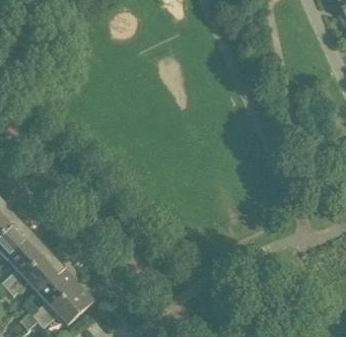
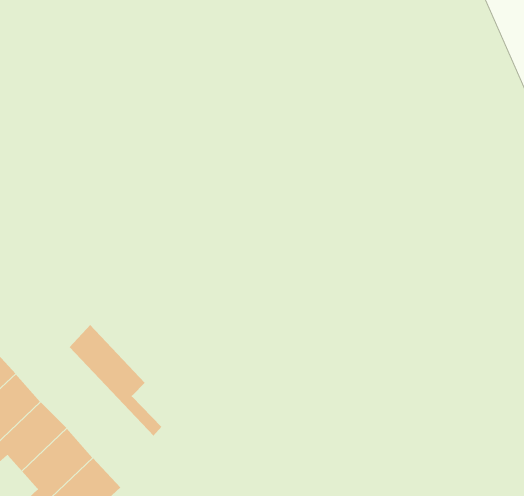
building: none -> [69,324,162,436]

